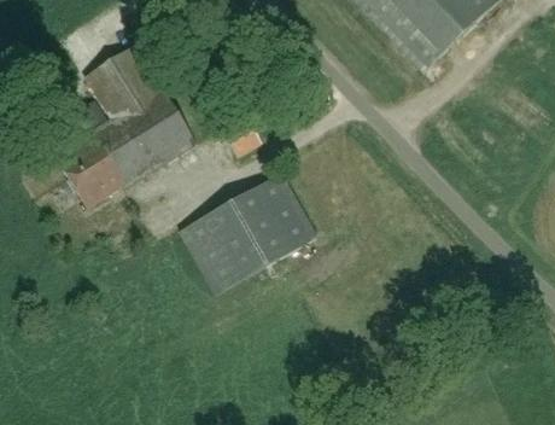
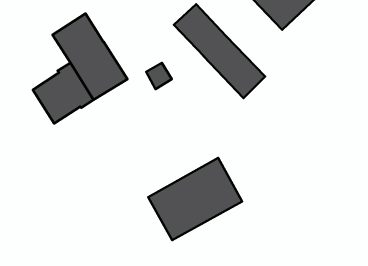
building: none -> [174,4,265,98]
building: [181,171,319,292] -> [148,158,242,240]

